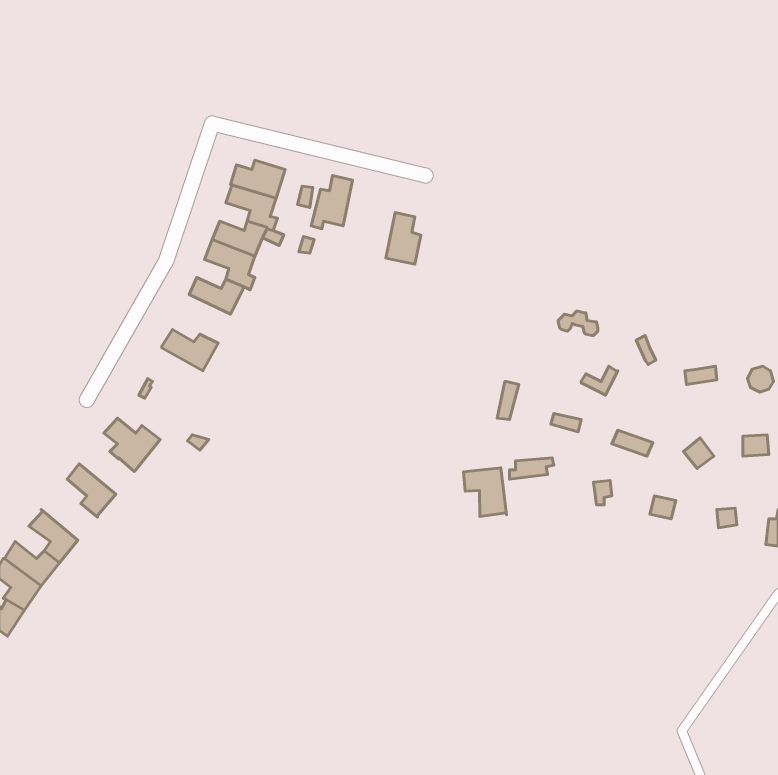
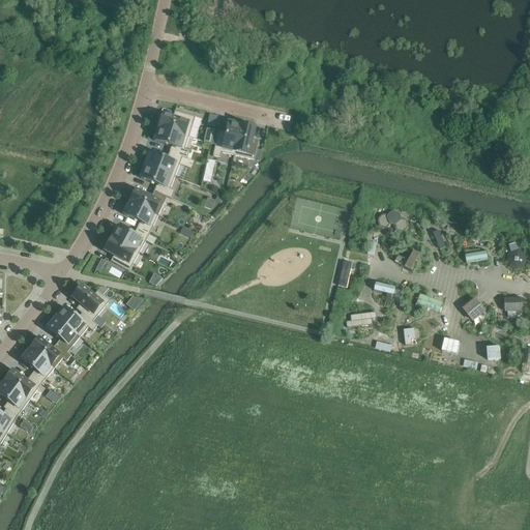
building: [386,212,421,264] -> [233,122,257,157]
building: none -> [122,200,156,233]
building: none -> [102,236,138,269]
building: none -> [54,304,96,335]
building: [463,468,506,517] -> none
building: none -> [28,335,70,366]

